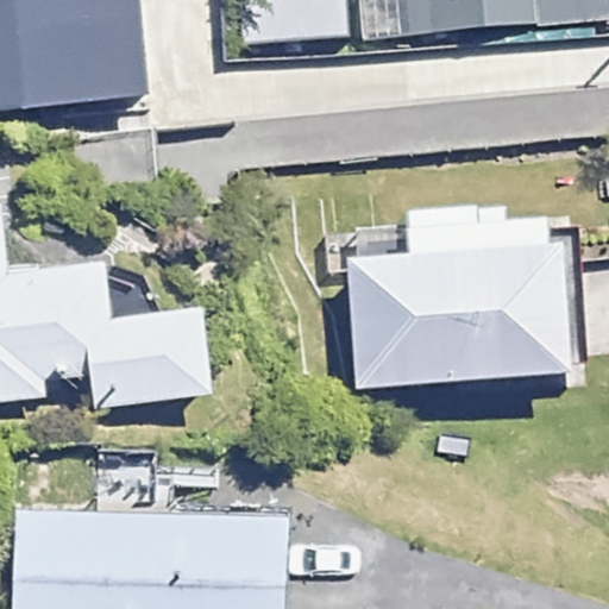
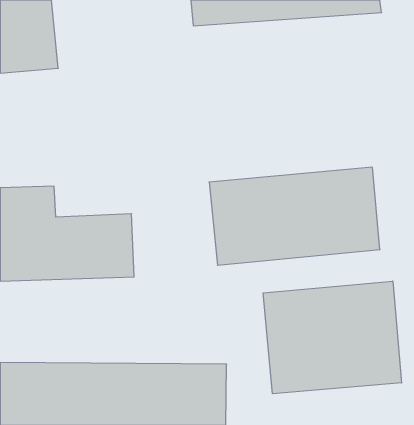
building: none -> [263,281,402,394]

